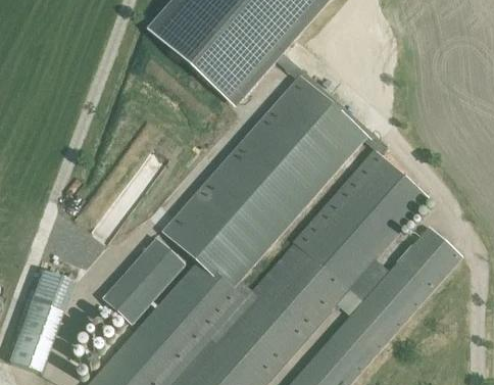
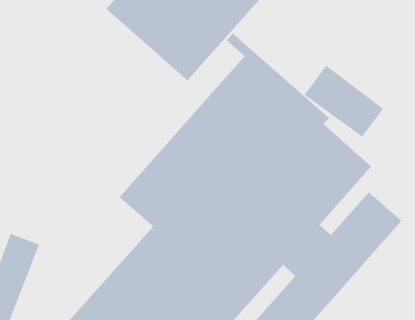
building: none -> [304,65,384,138]
building: [101,238,185,326] -> none

